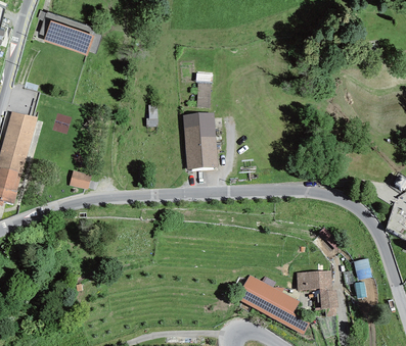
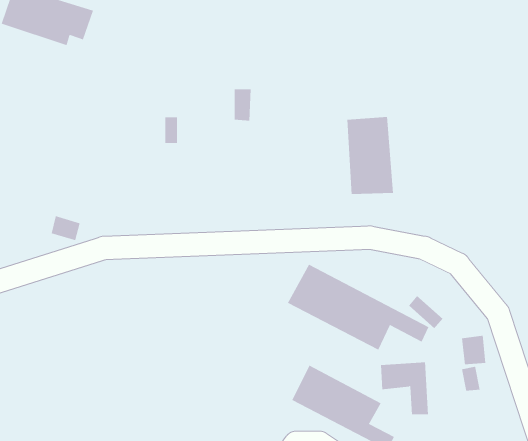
building: [185,113,218,167] -> [346,116,394,195]
building: none -> [287,264,429,350]

